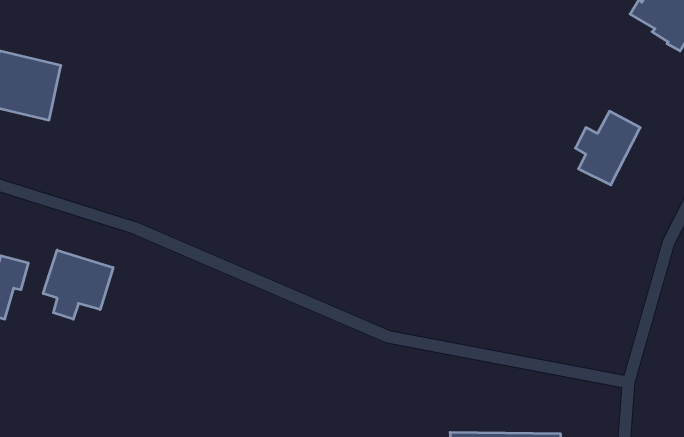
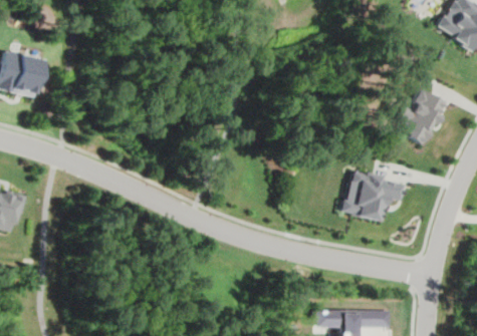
building: none -> [337,173,404,222]
building: [43,250,113,319] -> none

